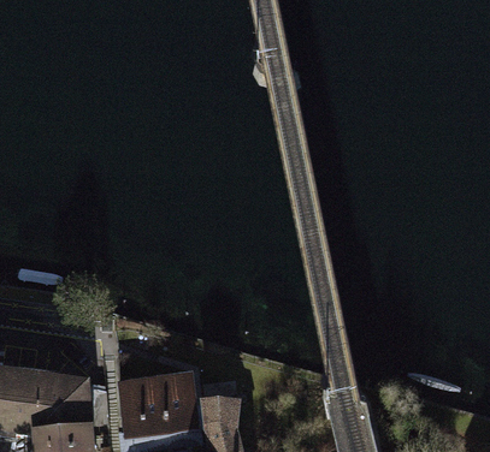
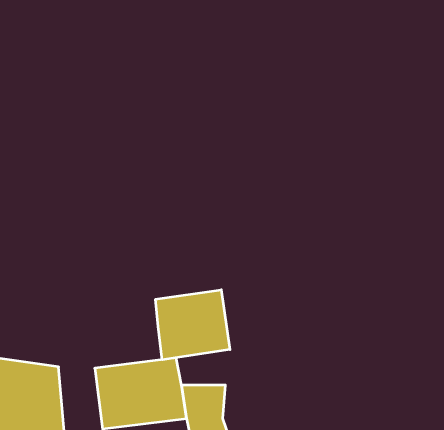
building: none -> [156,290,230,360]

